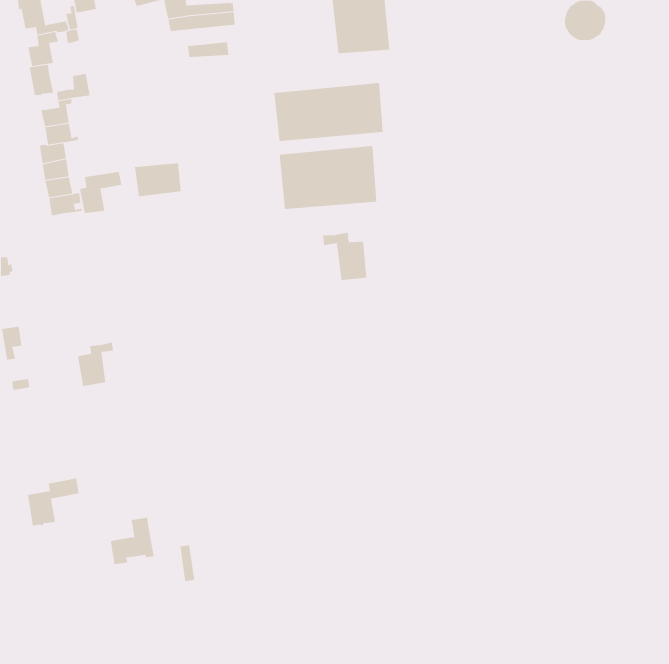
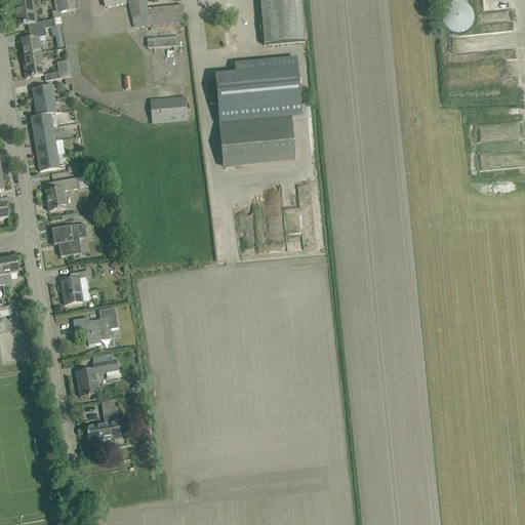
building: [134,163,181,197] -> [150,94,187,121]
building: [79,172,122,214] -> [45,175,79,208]
building: [323,232,367,281] -> none
building: none -> [52,221,86,254]
building: none -> [73,306,118,344]
building: [27,478,79,526] -> [77,357,118,395]

